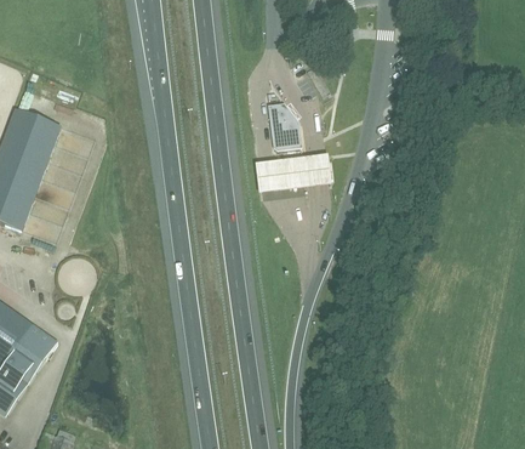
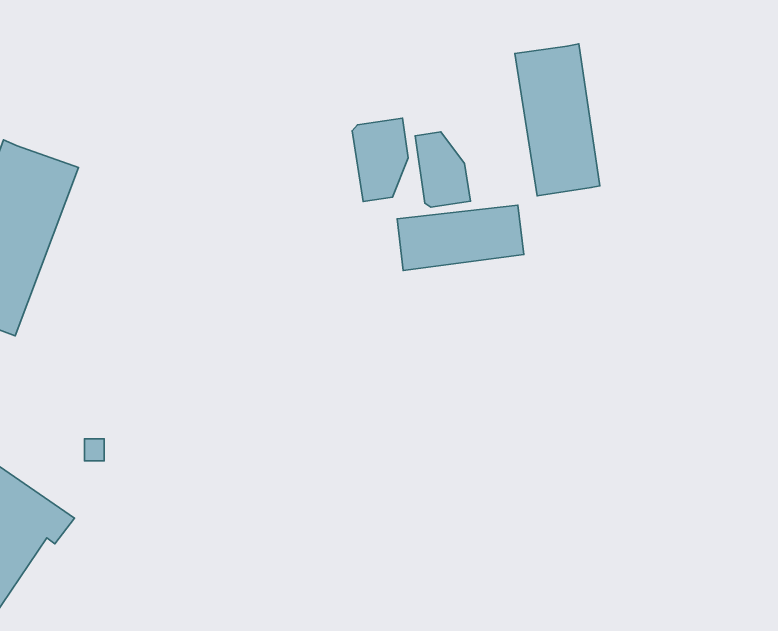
building: none -> [515,44,600,196]
building: none -> [352,118,408,202]

